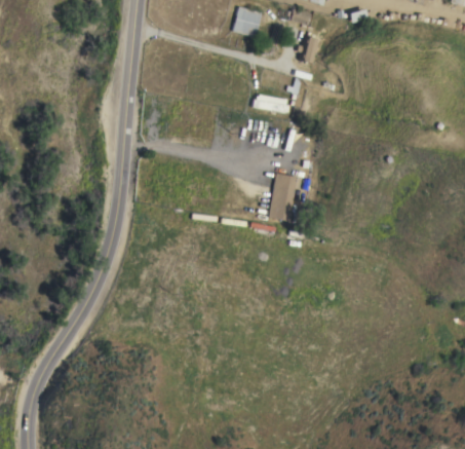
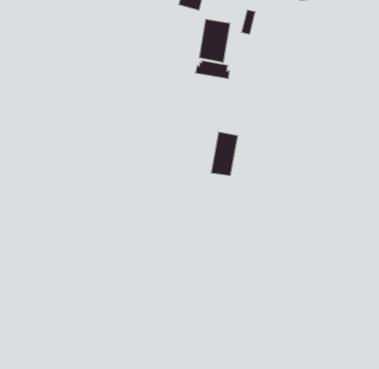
building: none -> [199,19,230,63]

